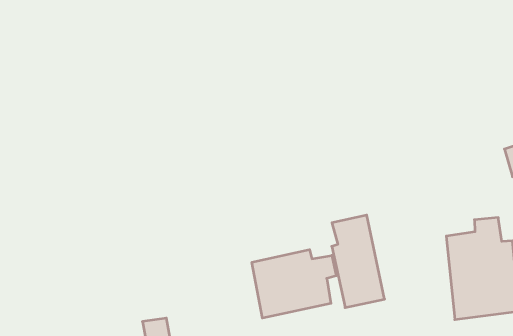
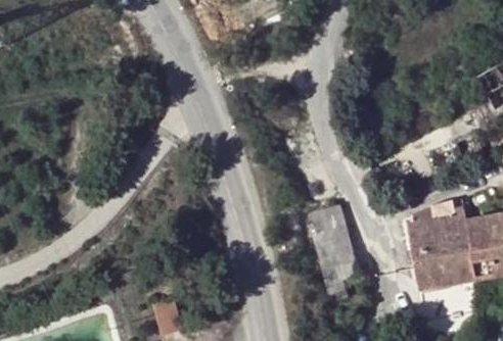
building: [252,250,336,318] -> none

